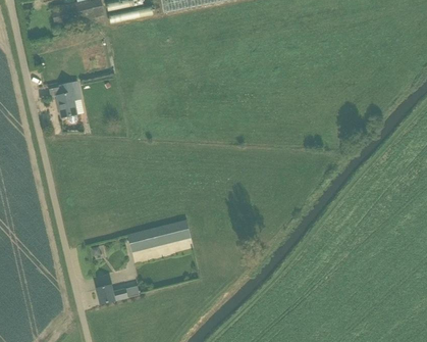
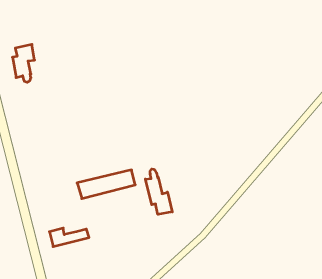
building: none -> [145,169,172,214]

